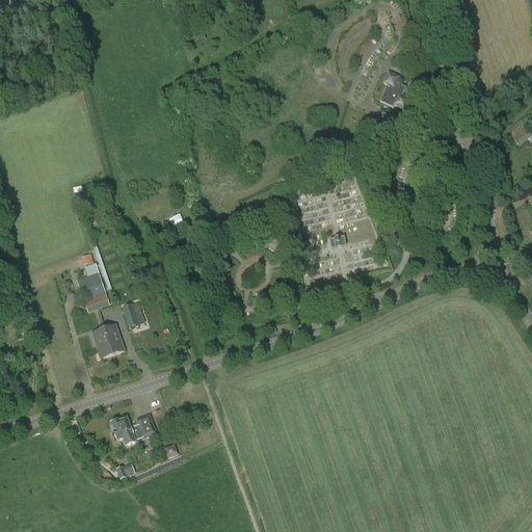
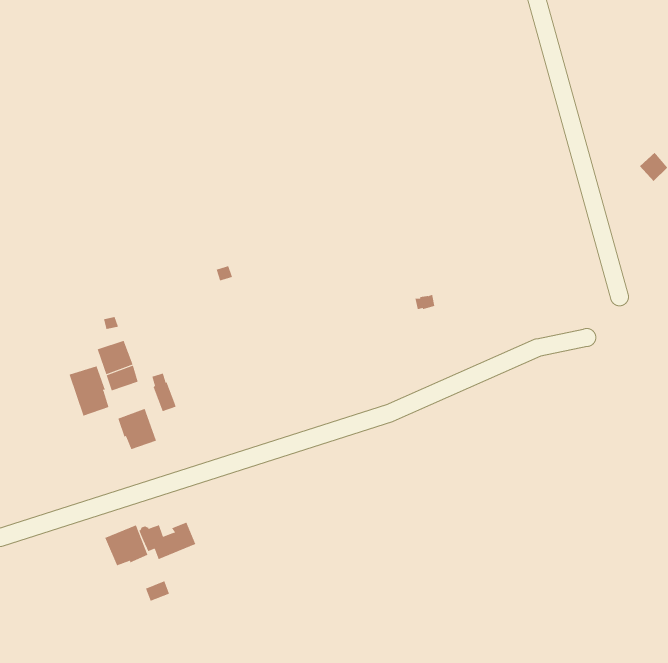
building: [380,70,409,107] -> none
building: none -> [69,366,109,417]
building: none -> [105,525,148,566]

